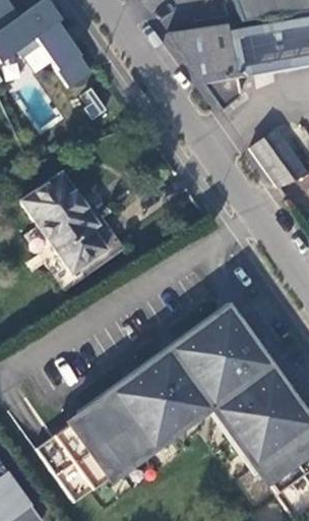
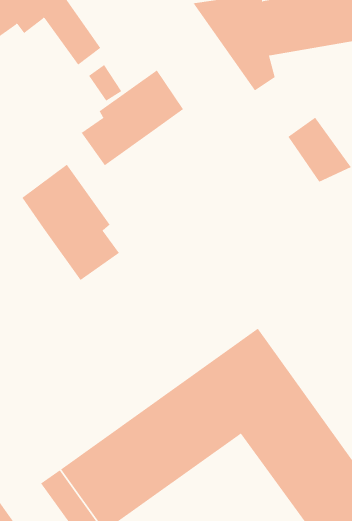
building: none -> [81,69,184,166]

